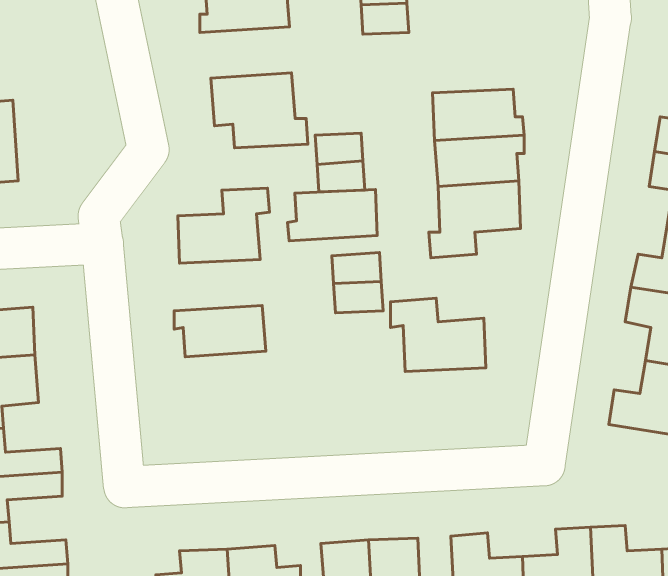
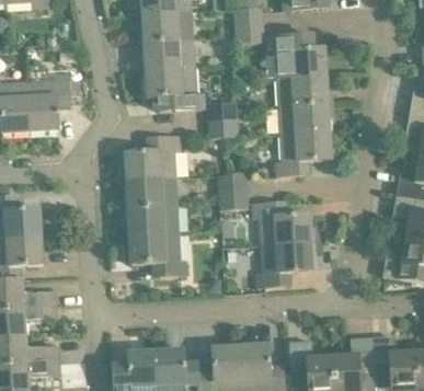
building: none -> [268,34,326,78]
building: none -> [139,38,194,69]
building: none -> [27,73,71,130]
building: [287,190,377,241] -> [123,177,176,208]
building: none -> [130,232,187,276]
building: none -> [256,242,312,287]

